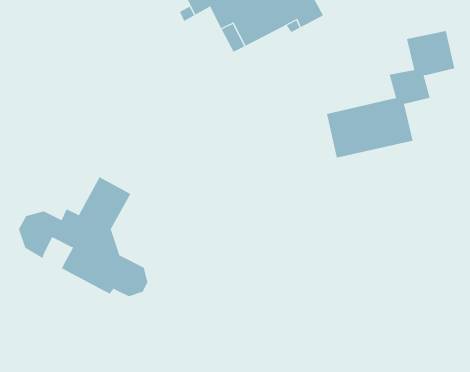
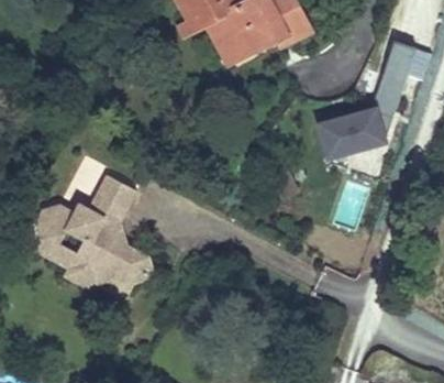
building: none -> [36,239,135,299]

